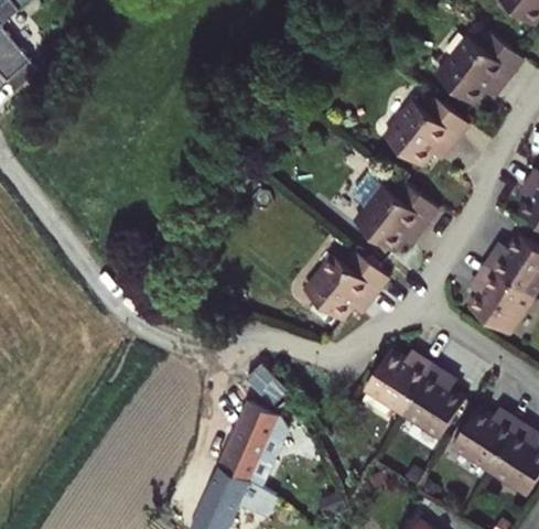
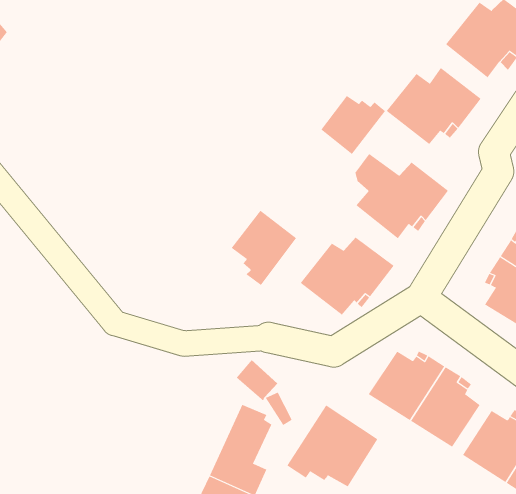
building: none -> [321,95,386,155]
building: none -> [231,210,297,286]
building: none -> [287,405,378,487]

